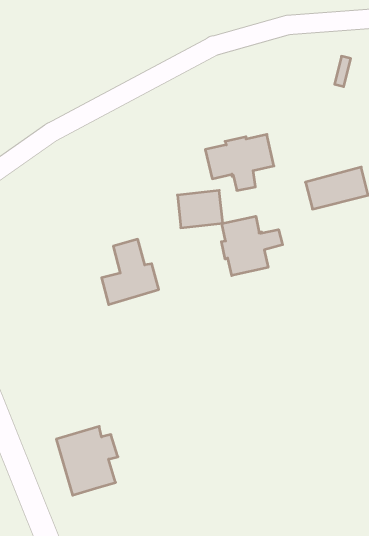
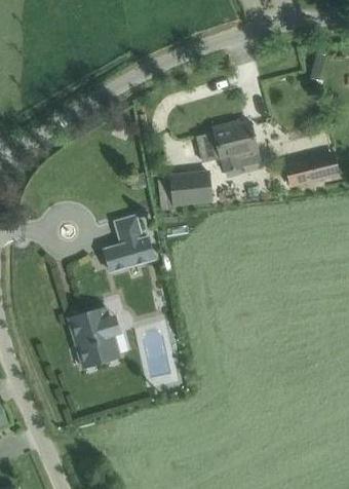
building: [221,216,283,276] -> none
building: [56,426,118,495] -> [68,307,122,368]

